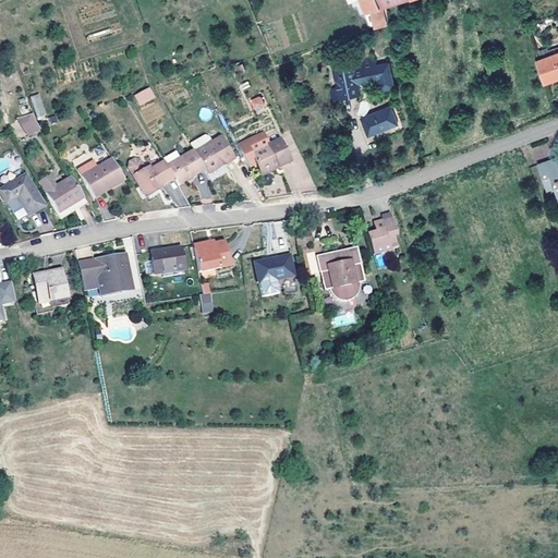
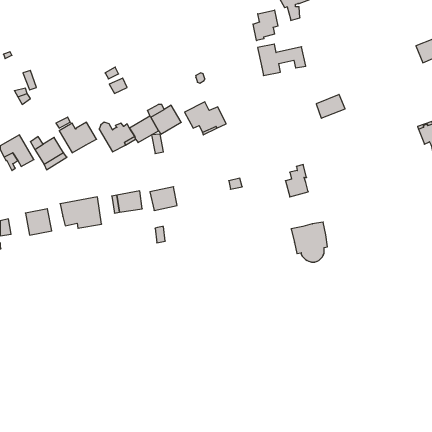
building: none -> [253,10,278,41]
building: [362,104,399,134] -> [316,94,345,118]
building: [317,248,364,300] -> [291,222,327,262]
building: [255,254,296,295] -> none

